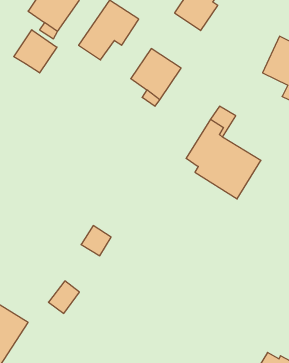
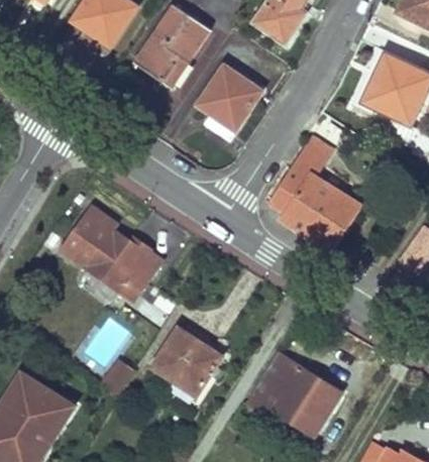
building: [14,30,57,73] -> none
building: none -> [61,209,162,300]
building: none -> [152,330,220,395]
building: none -> [247,353,340,435]

